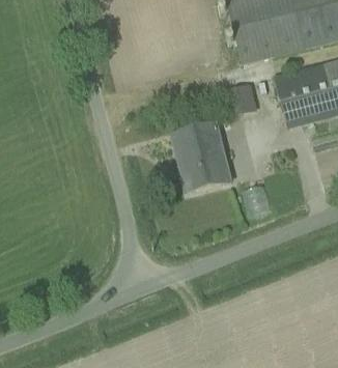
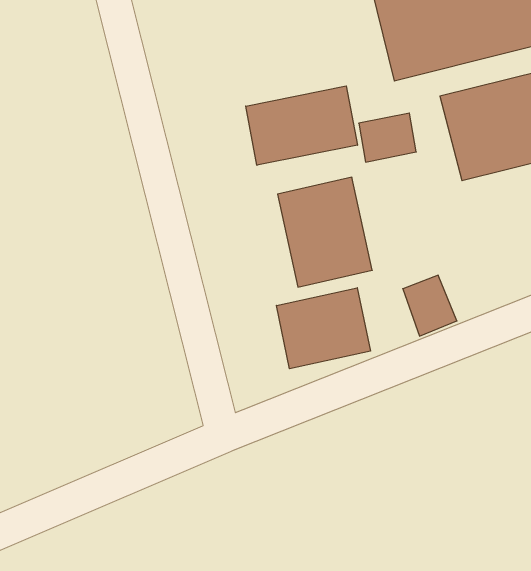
building: none -> [246,86,357,165]
building: none -> [276,288,370,369]

